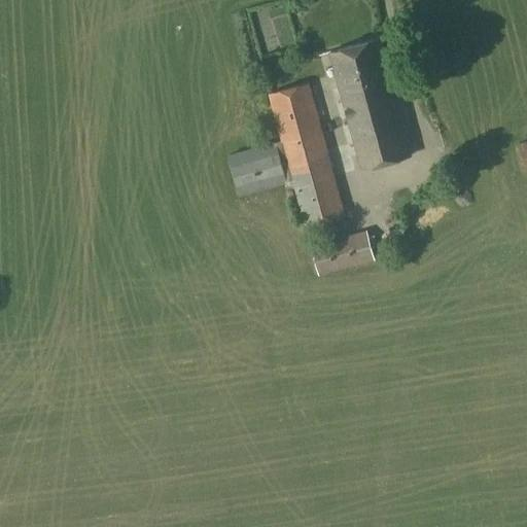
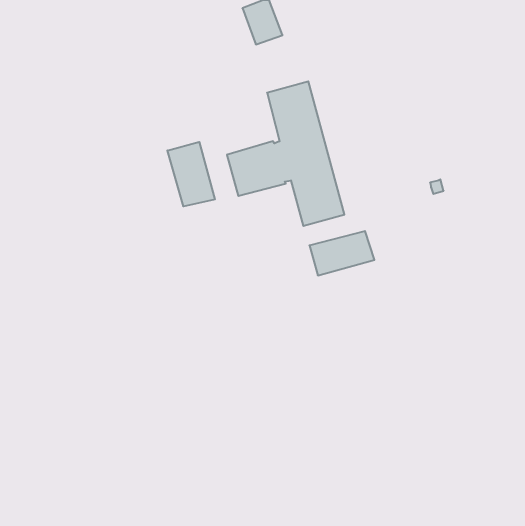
building: [329,39,408,170] -> none
building: none -> [167,142,215,206]

